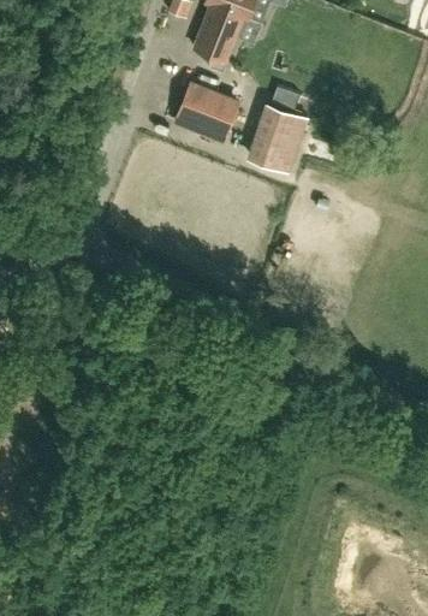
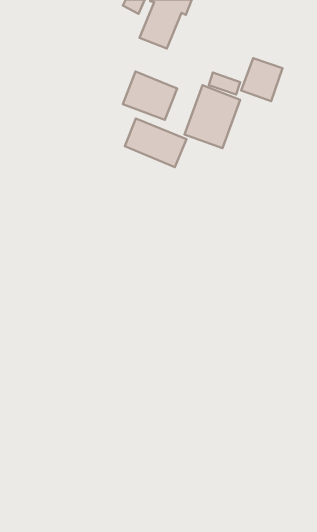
building: none -> [241,58,282,101]
building: none -> [125,119,187,167]

